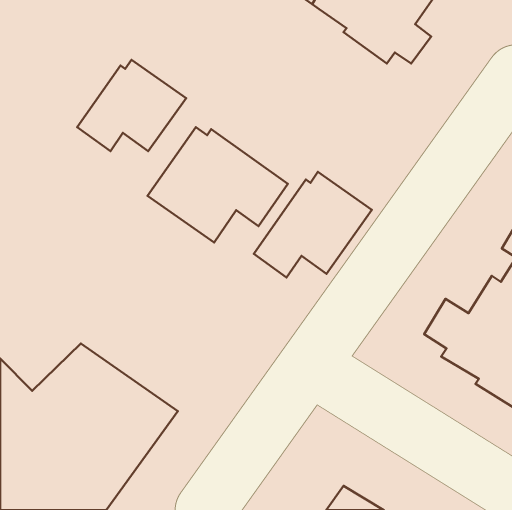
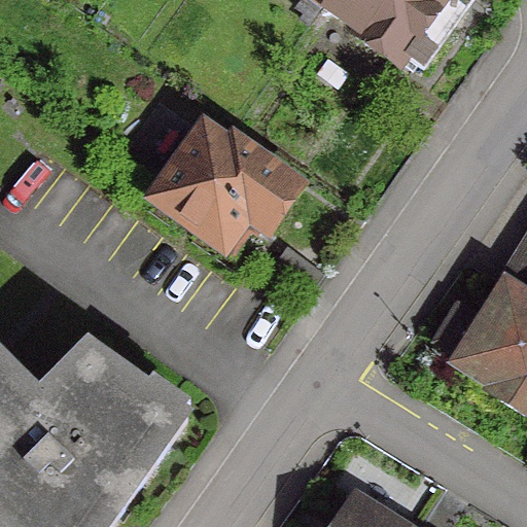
building: [77,60,186,151] -> none
building: [254,172,372,278] -> none

